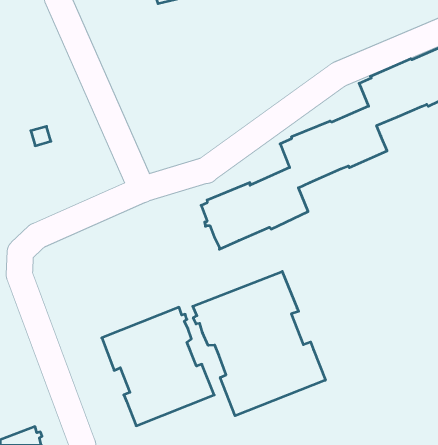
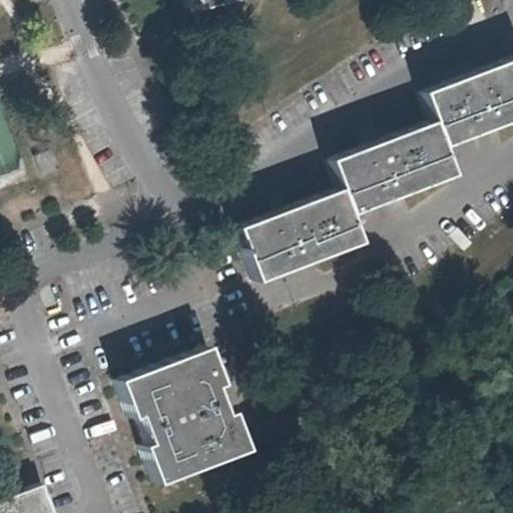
building: [193,271,325,416] -> none

